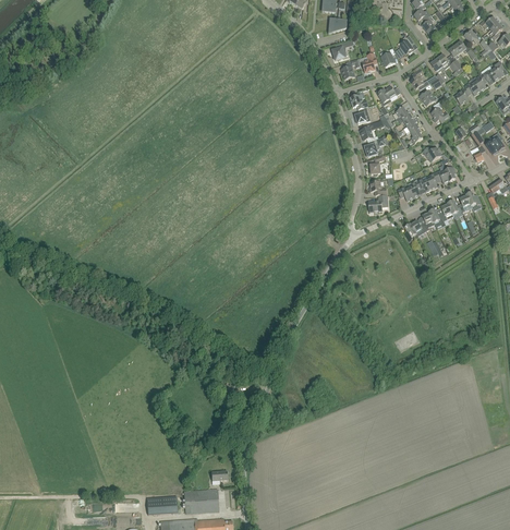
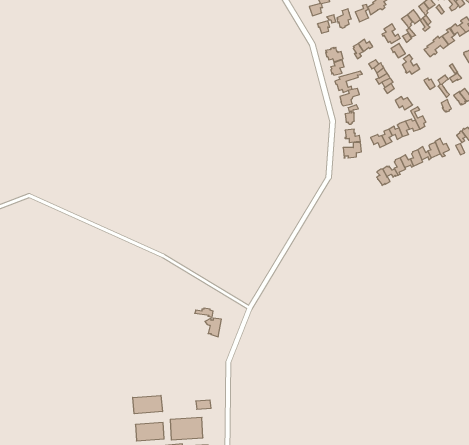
building: none -> [133,395,162,414]

